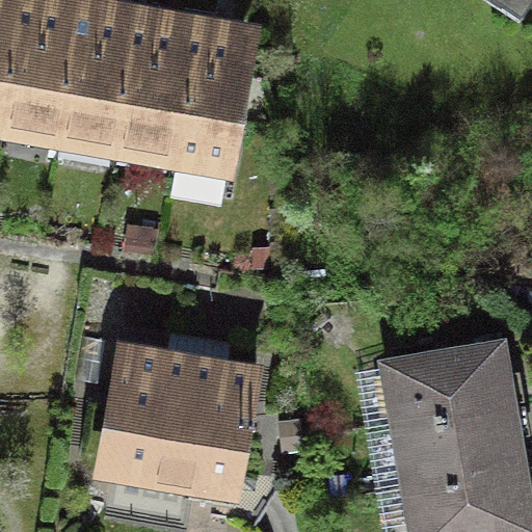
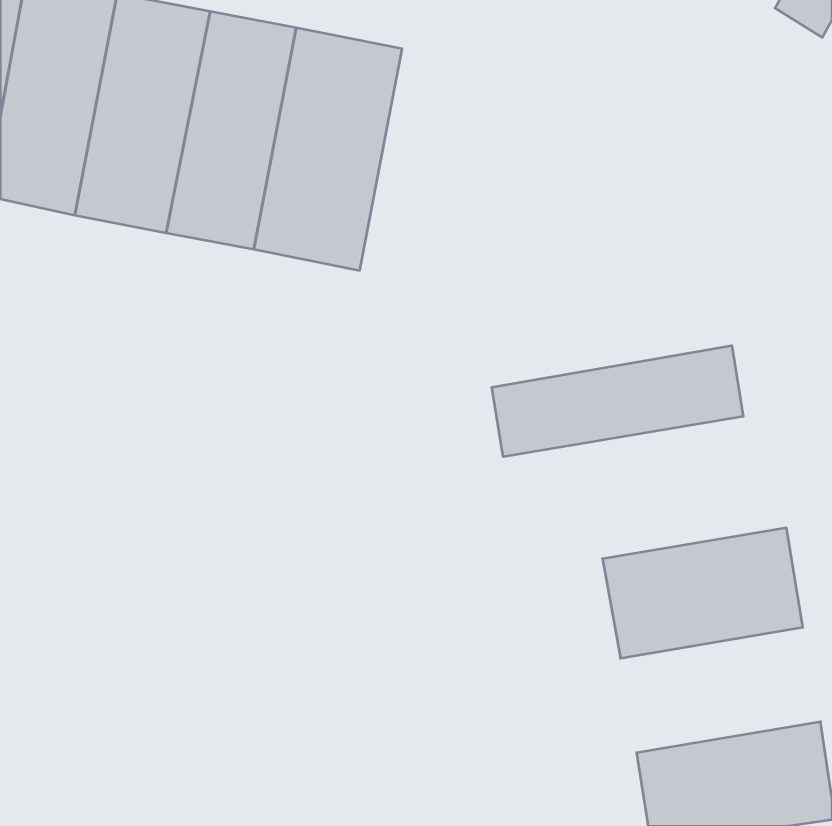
building: none -> [492,346,743,457]
building: [95,346,259,503] -> none
building: [396,400,524,480] -> none

